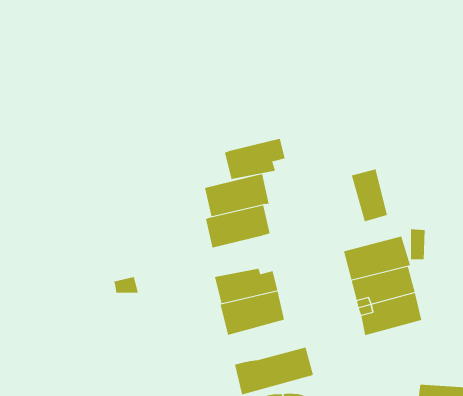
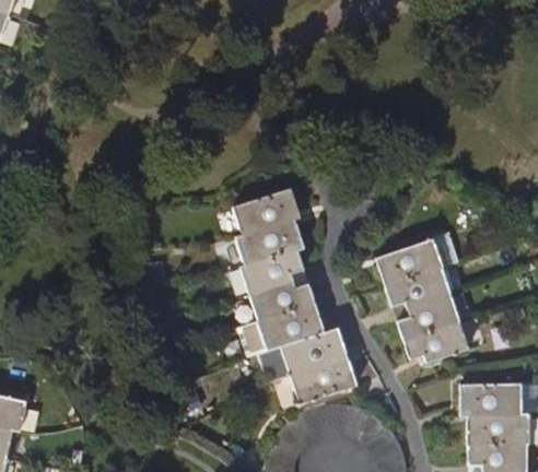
building: [224,138,286,180] -> [241,250,302,295]
building: [351,169,388,222] -> none
building: none -> [266,328,346,376]
building: none -> [402,322,468,365]

